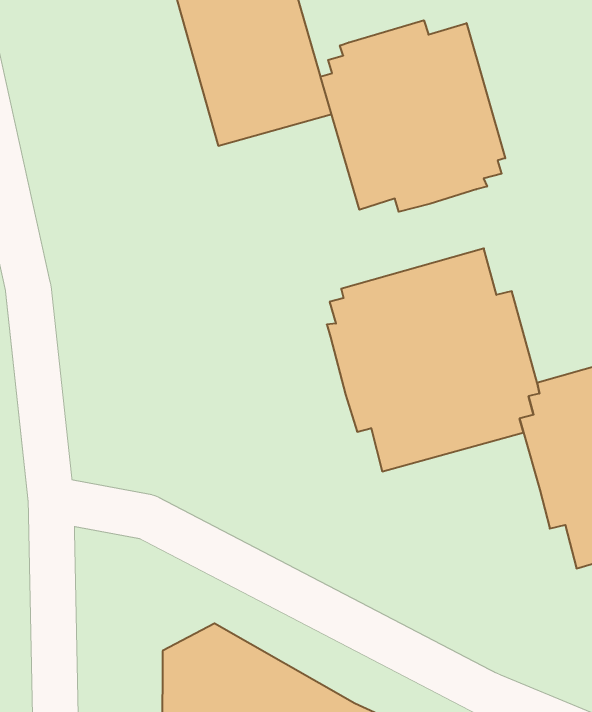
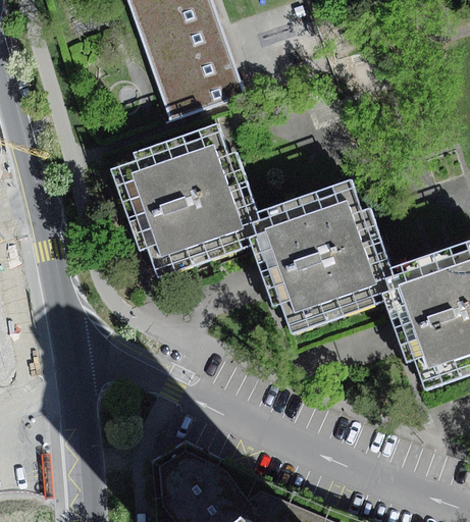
building: [321,20,505,212] -> none
building: none -> [109,123,259,277]

